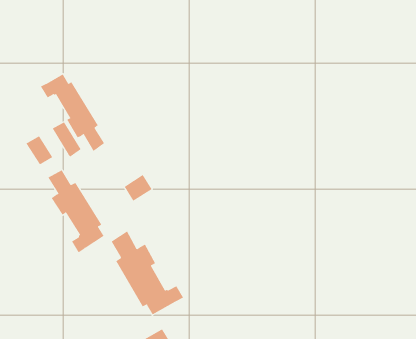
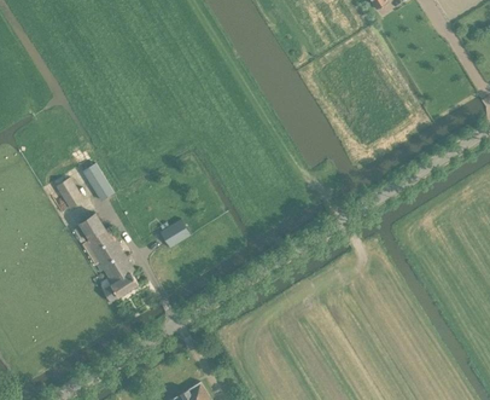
building: [40,74,105,152] -> none
building: [111,230,184,315] -> none

